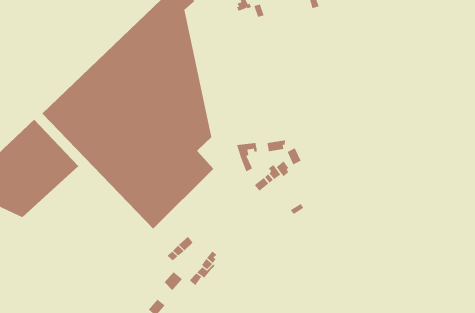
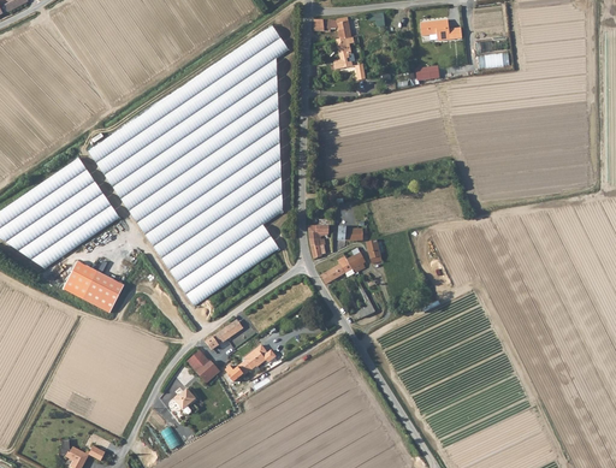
building: none -> [61,261,123,313]

